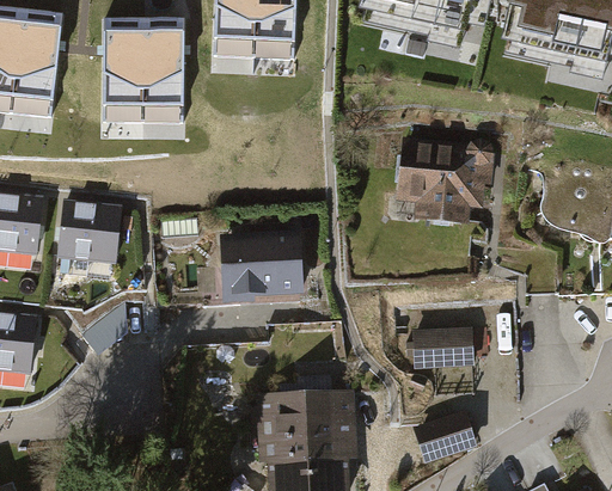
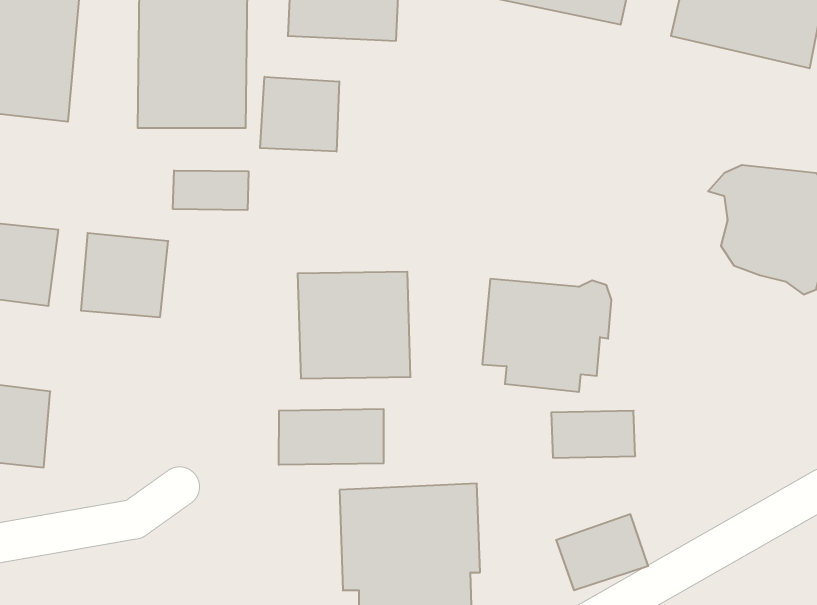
building: none -> [260,77,339,152]
building: [394,140,490,223] -> [482,279,611,392]
building: none -> [173,170,248,210]
building: none -> [279,409,384,465]

